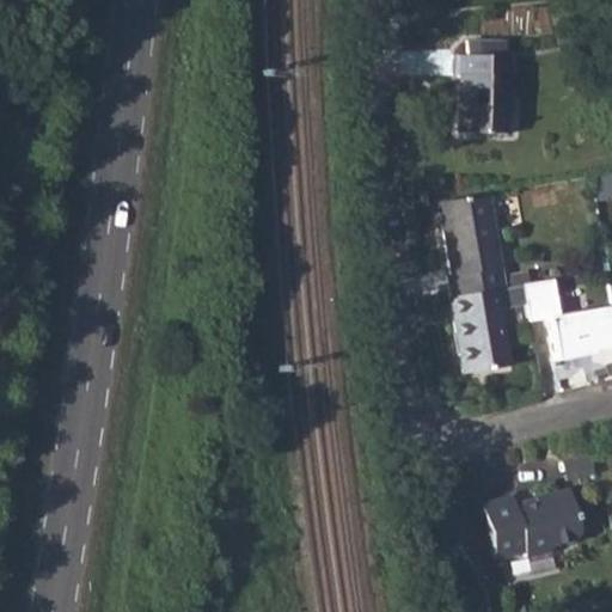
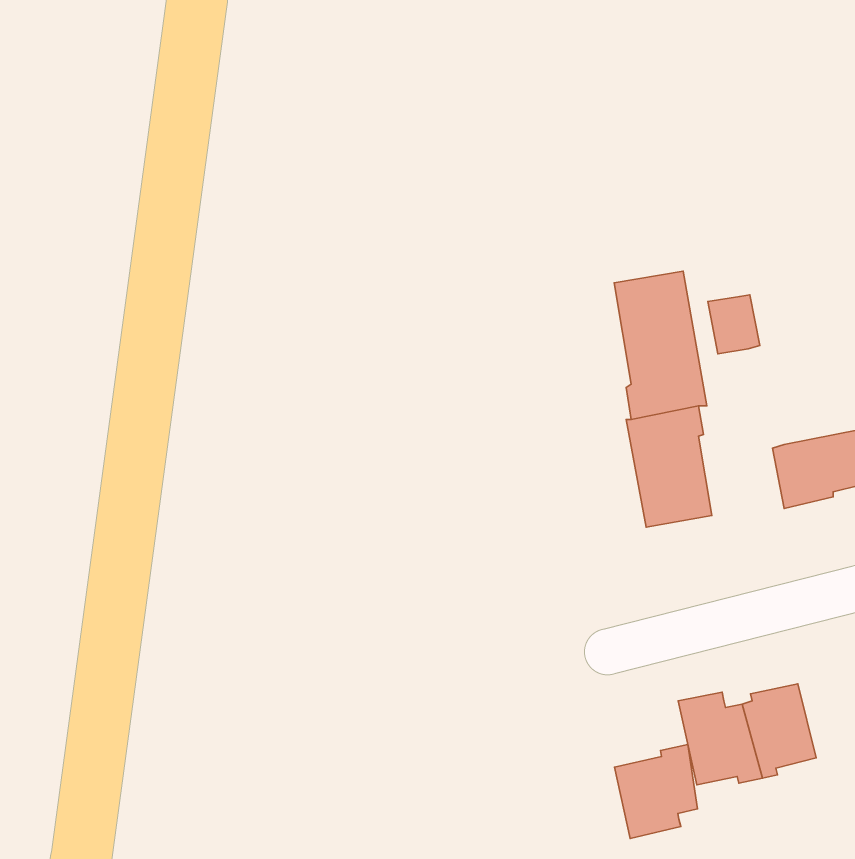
building: [455,42,512,134] -> none
building: [524,281,561,323] -> [708,295,760,354]
building: none -> [614,744,698,839]

